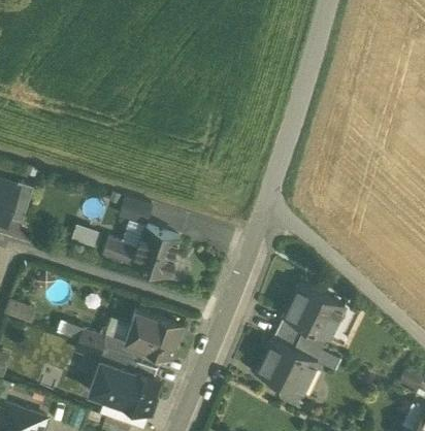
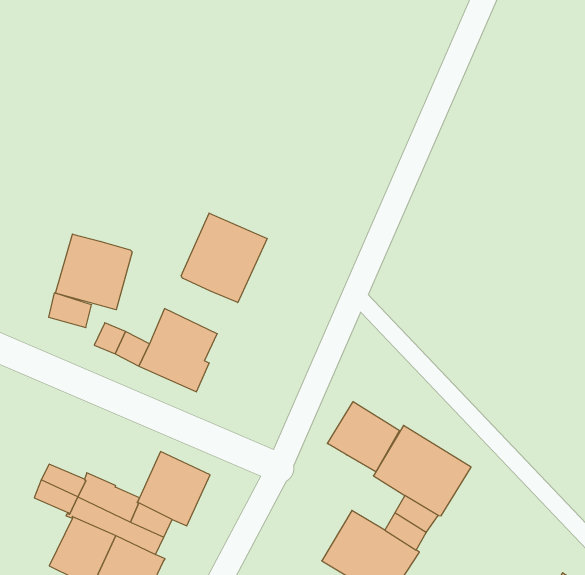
building: none -> [181,213,267,303]
building: none -> [56,234,132,310]
building: none -> [327,402,400,472]
building: [125,311,151,346] -> none

